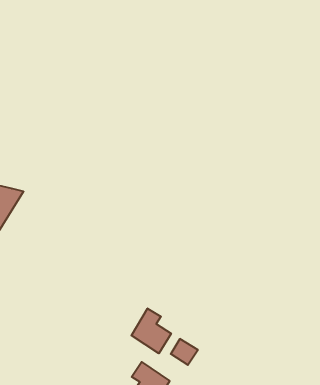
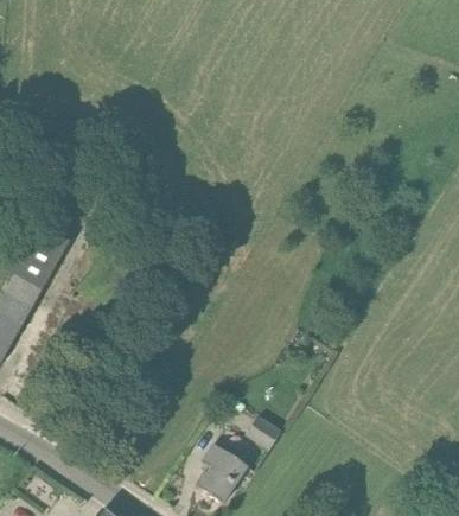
building: [131,308,171,353] -> none

